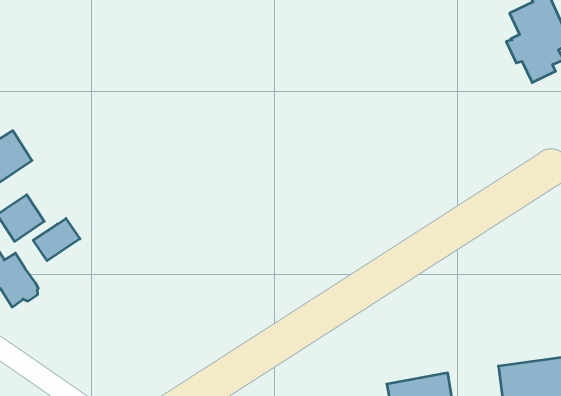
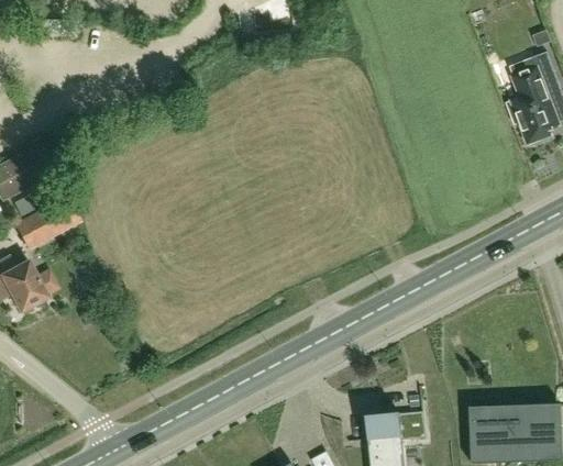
building: [33,218,80,261] -> none

